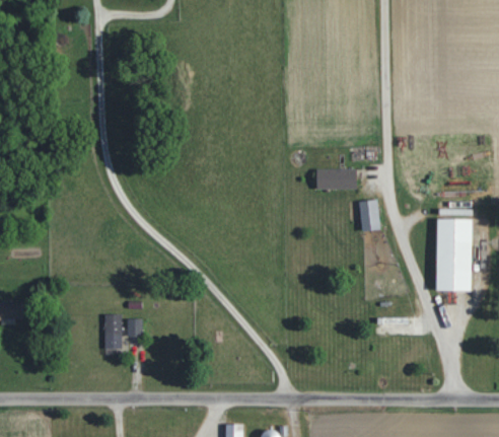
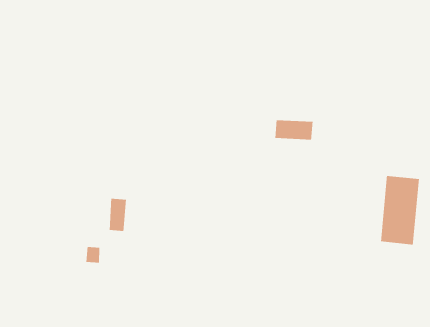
building: [358,199,380,231] -> none
building: [104,314,122,349] -> [109,198,127,232]

